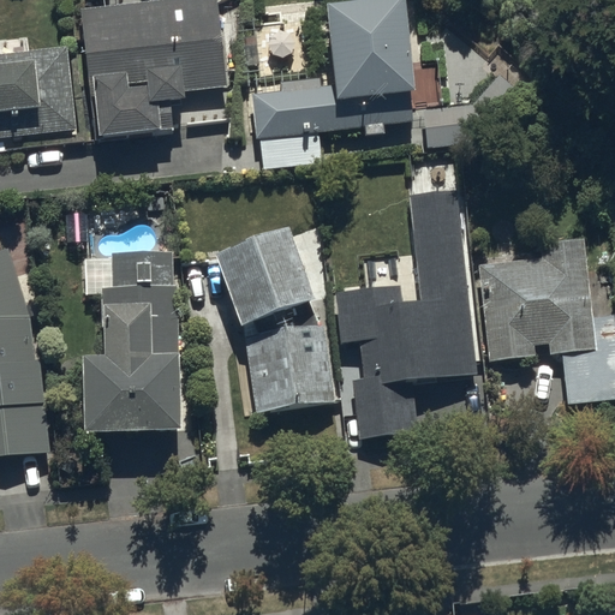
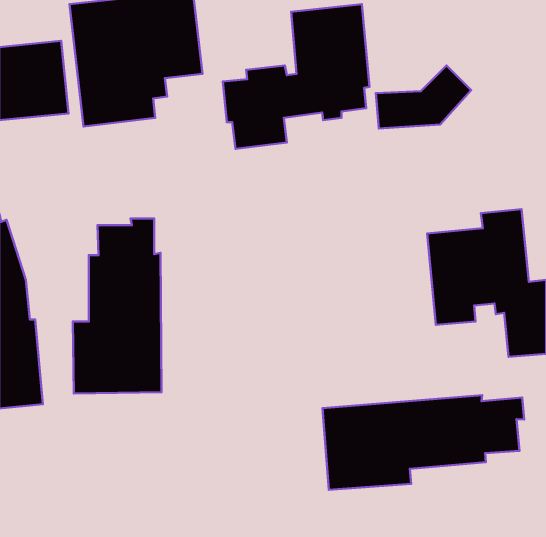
building: [334,184,476,437] -> none
building: [215,234,338,414] -> none
building: none -> [323,395,524,490]

